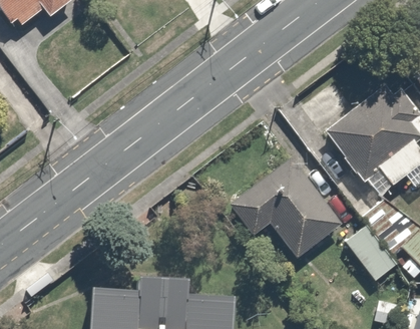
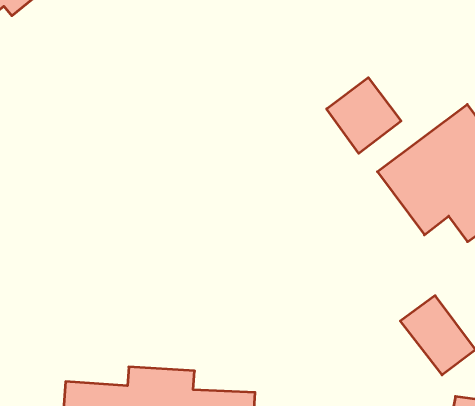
building: none -> [327,78,401,153]
building: [230,158,340,254] -> none

